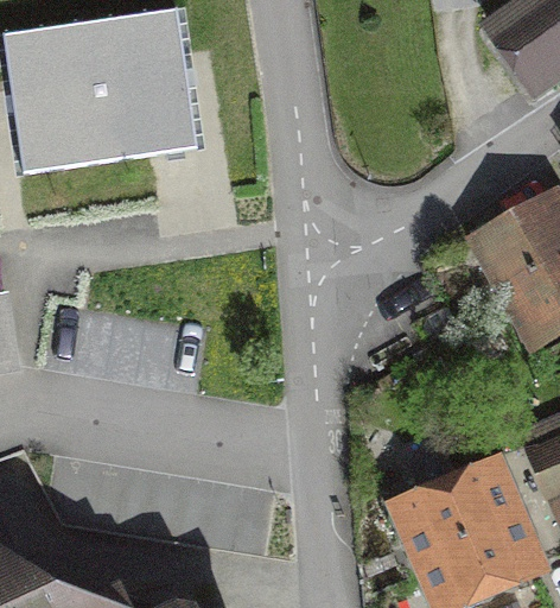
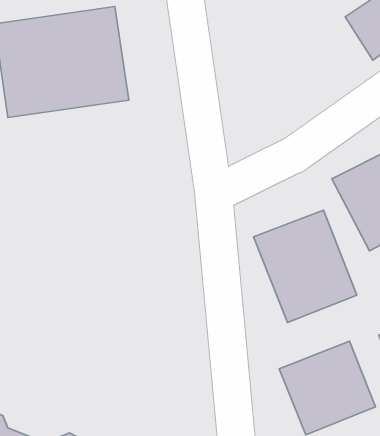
building: none -> [254,210,357,323]

